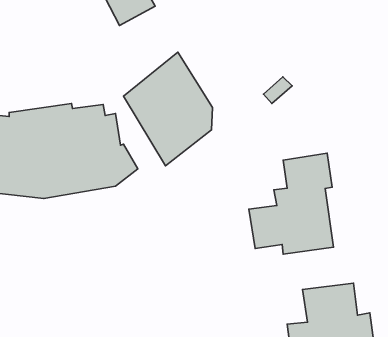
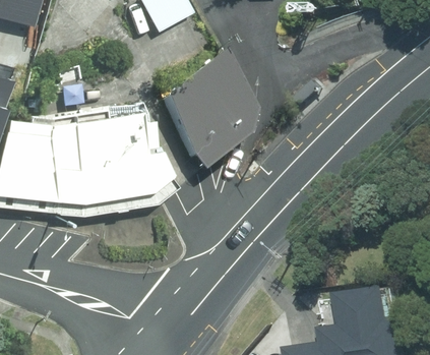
building: [249,153,334,254] -> none

